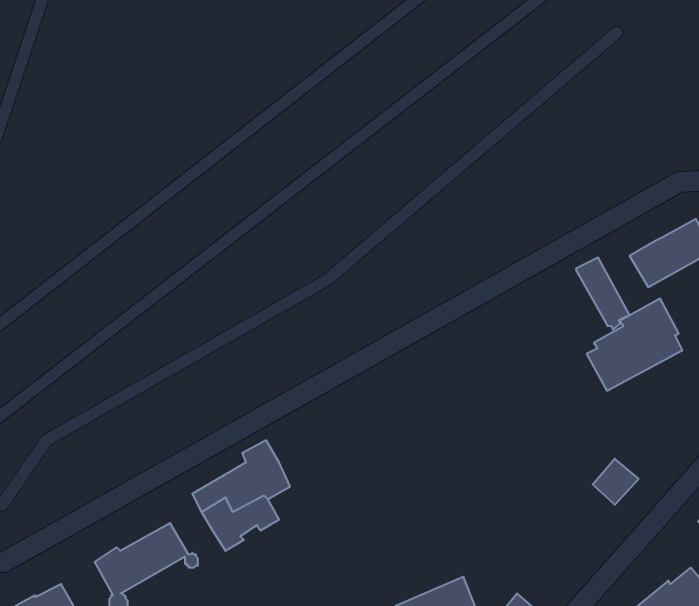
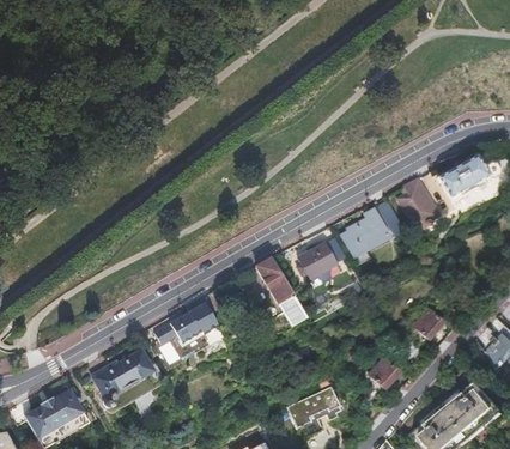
building: [587,299,682,391] -> [342,198,405,257]
building: none -> [296,243,336,279]
building: none -> [255,257,305,327]
building: none -> [368,356,400,388]

